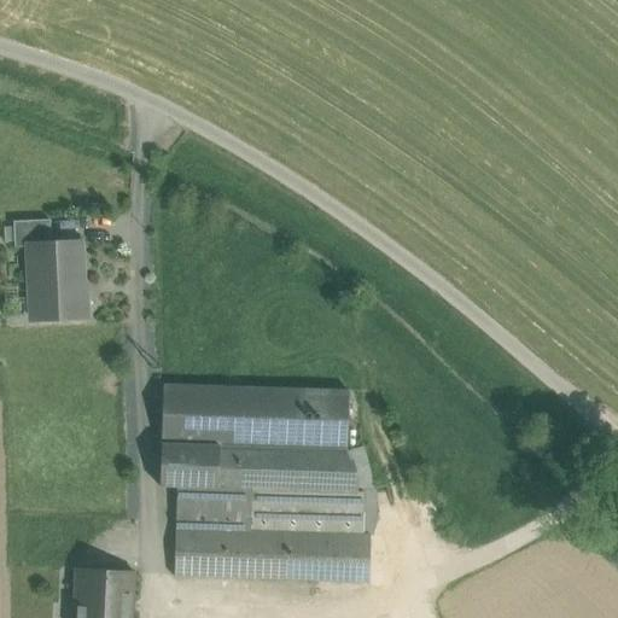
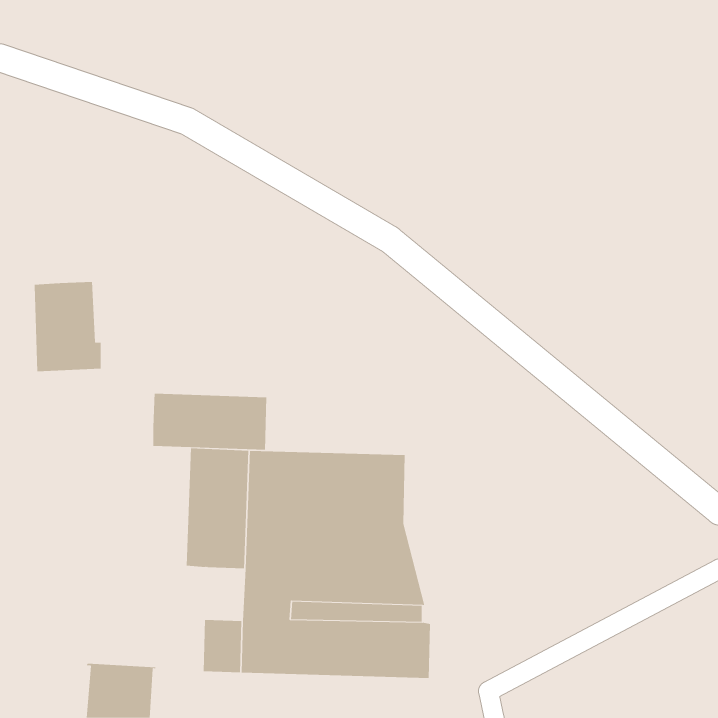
building: [14,218,52,246] -> none
building: none -> [153,393,267,450]
building: [176,486,211,532] -> none

